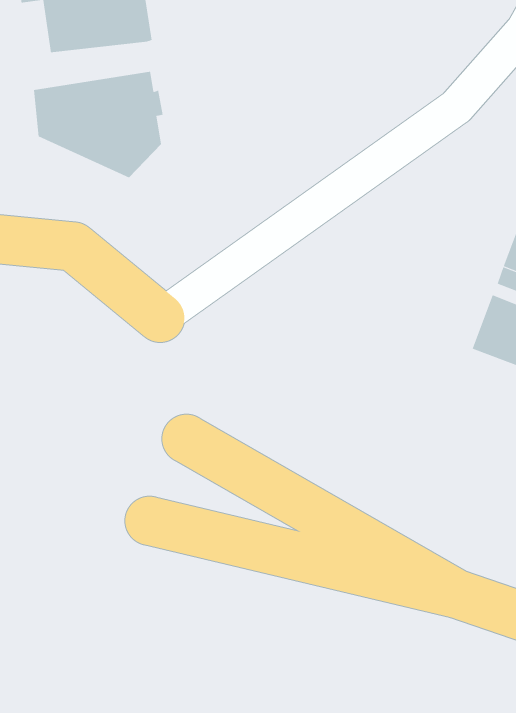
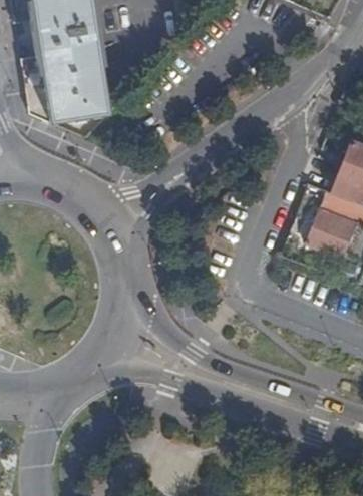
building: none -> [23,44,102,75]

